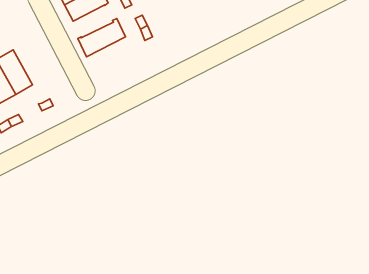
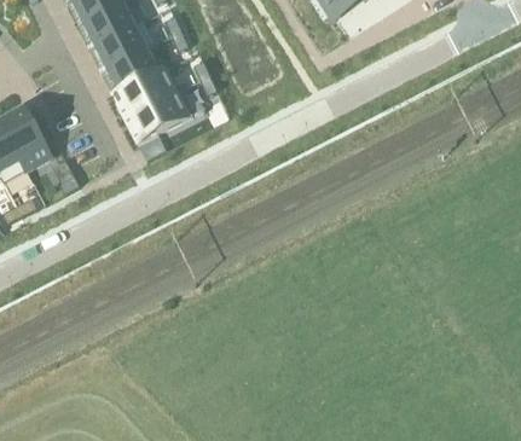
building: none -> [106,45,162,91]
building: none -> [125,89,191,141]

